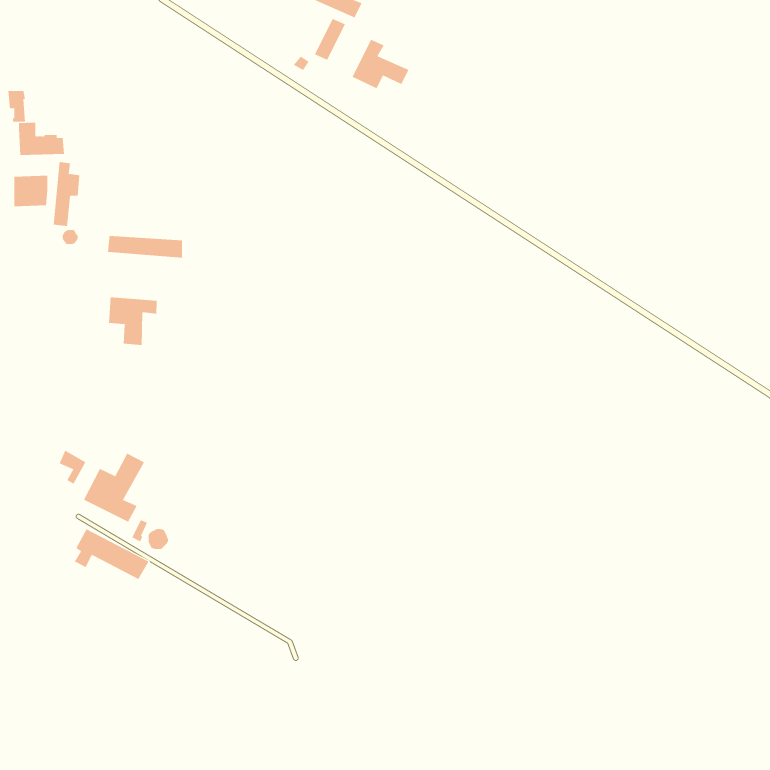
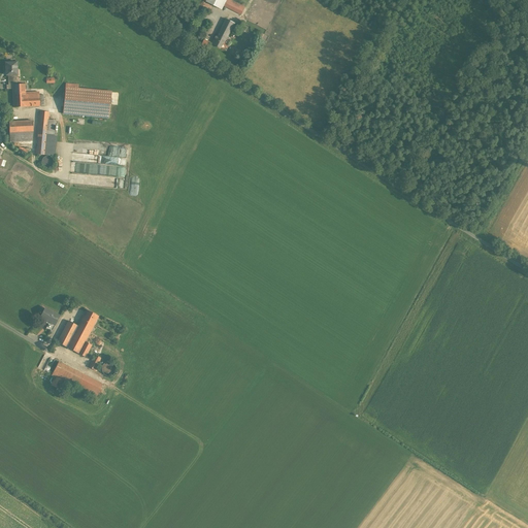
building: [352,39,409,89] -> none
building: none -> [65,82,111,117]
building: [108,296,157,346] -> none

